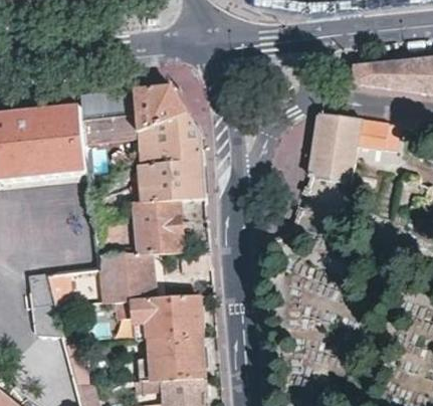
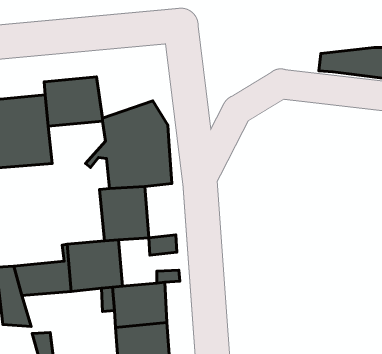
building: [129,83,185,129] -> none
building: [305,112,386,182] -> none

